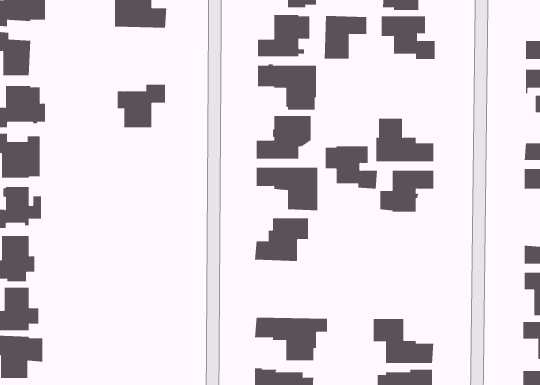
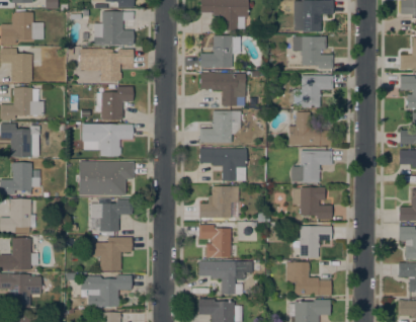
building: [324,15,367,59] -> [301,75,333,107]
building: none -> [80,49,133,80]
building: none -> [82,124,133,156]
building: [325,146,378,189] -> [293,187,332,220]
building: none -> [79,161,134,195]
building: none -> [90,199,133,231]
building: none -> [198,225,231,257]
building: none -> [292,226,331,258]
building: none -> [90,237,132,270]
building: none -> [81,274,132,306]

